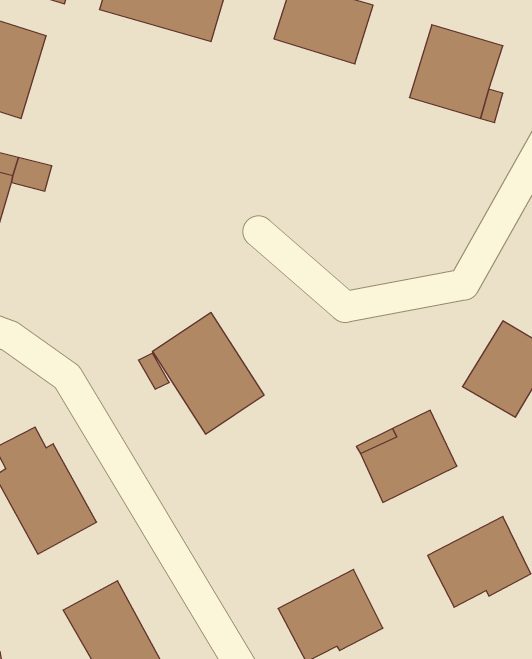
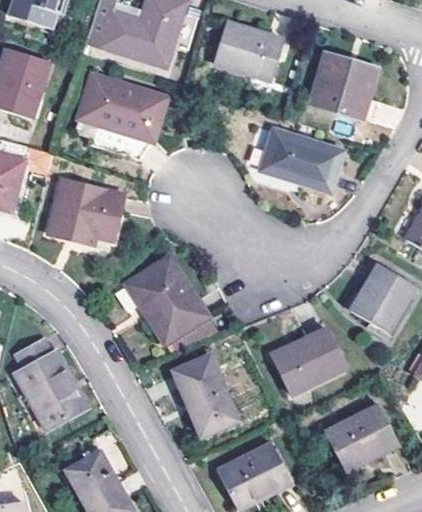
building: none -> [79,73,167,160]
building: none -> [260,130,336,189]
building: none -> [48,179,128,246]
building: none -> [173,356,237,435]

